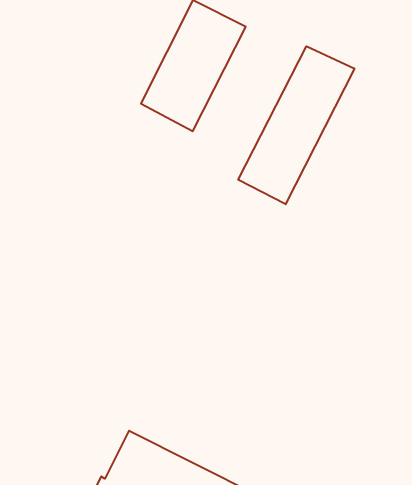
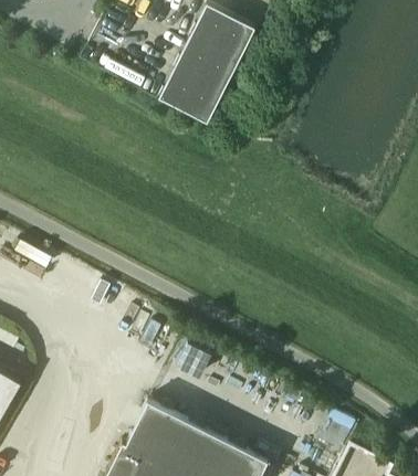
building: [238,46,354,204] -> none

